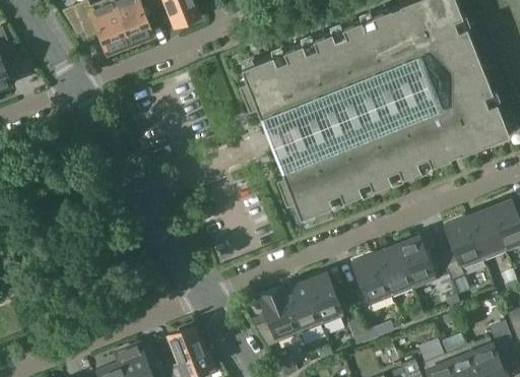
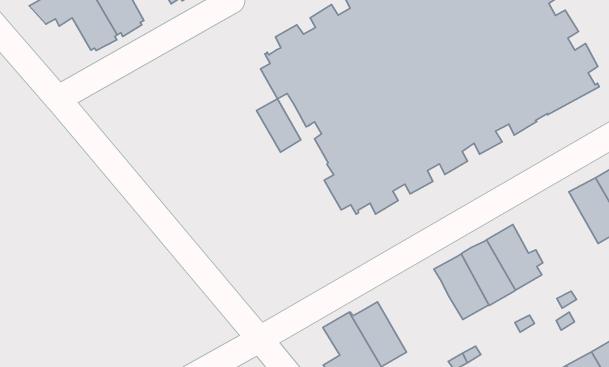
building: none -> [257,99,301,152]
building: [440,217,483,280] -> none
building: [304,273,343,325] -> none

